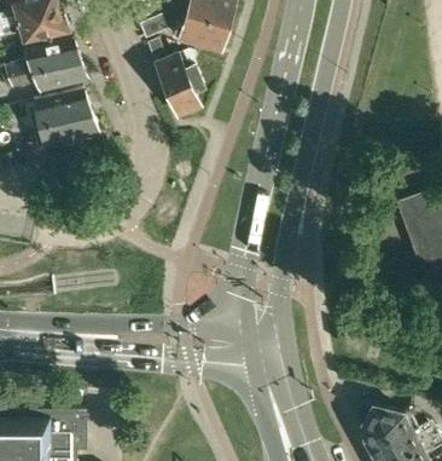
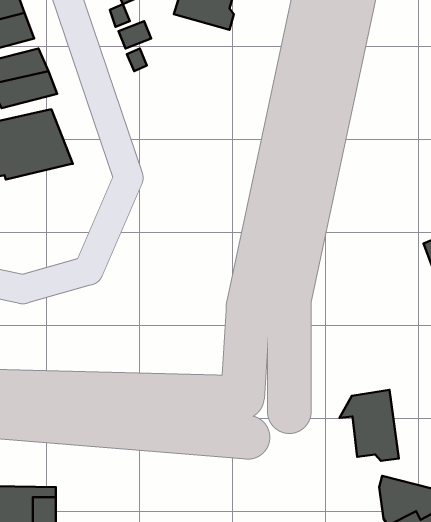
building: [179,13,234,56] -> none
building: [157,54,204,120] -> none
building: none -> [340,390,399,461]

